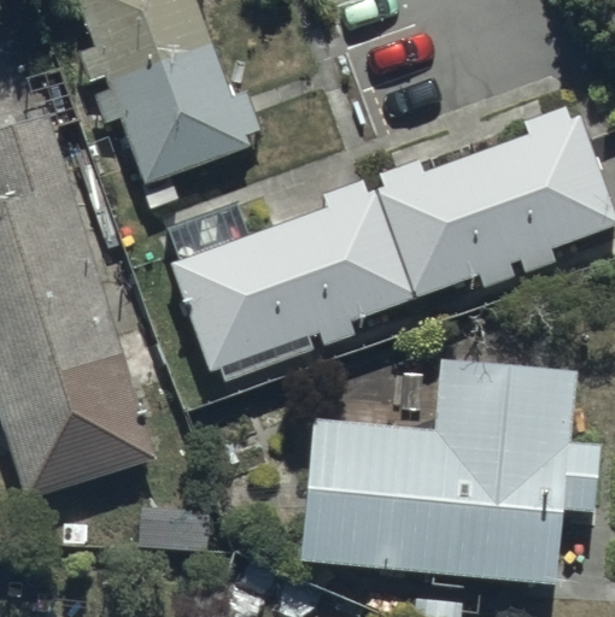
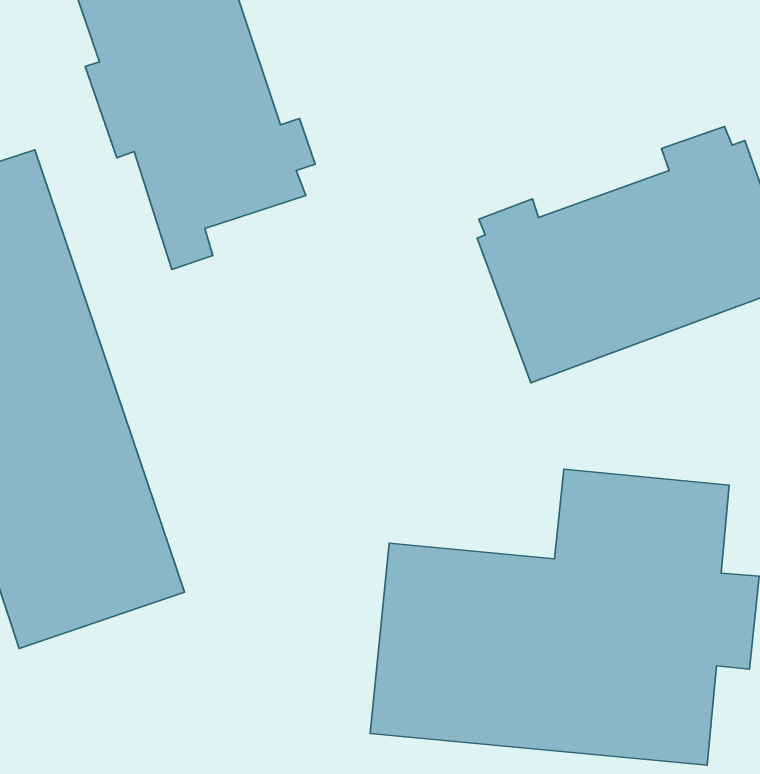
building: [172,175,416,370] -> none

